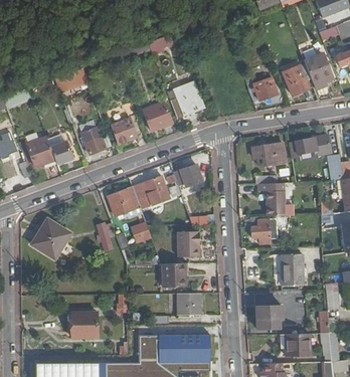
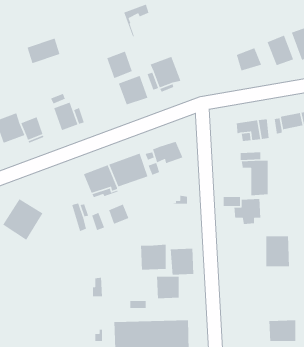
building: [111,118,136,145] -> [106,50,133,79]
building: [177,231,200,257] -> [170,248,194,276]
building: [256,305,284,328] -> none
building: [66,313,98,339] -> none

